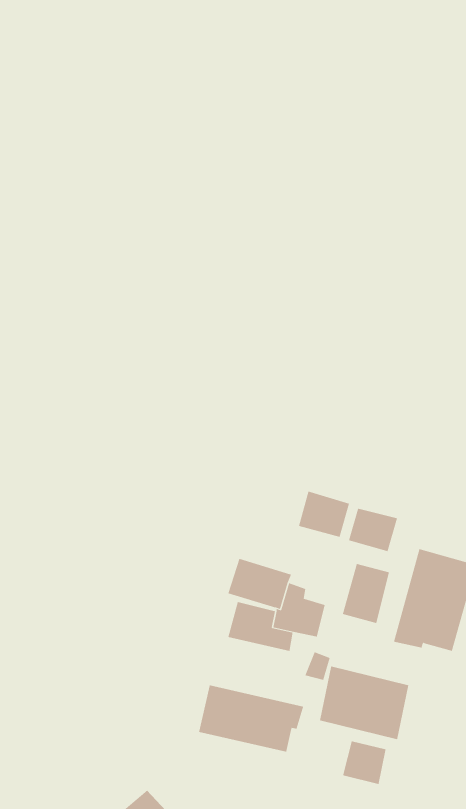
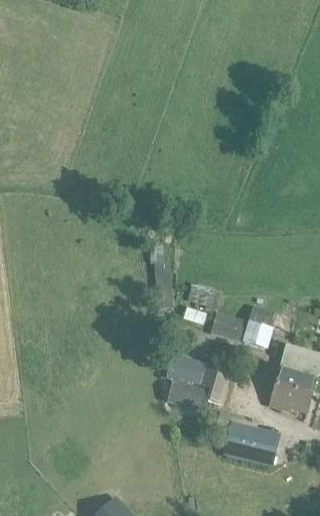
building: [342,563,390,624] -> none
building: [198,685,304,753] -> none
building: [343,741,386,785] -> none

